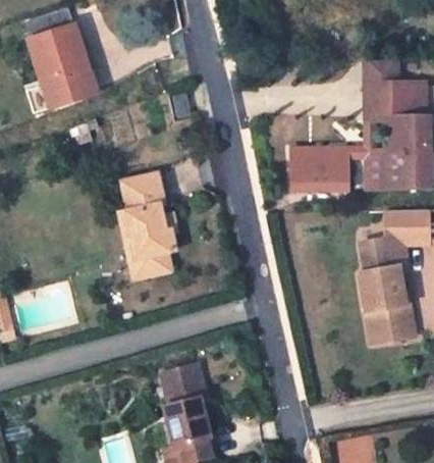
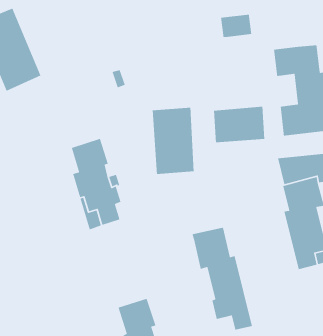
building: [361,60,396,86] -> [220,14,252,38]
building: none -> [152,107,195,175]
building: none -> [191,226,253,330]

